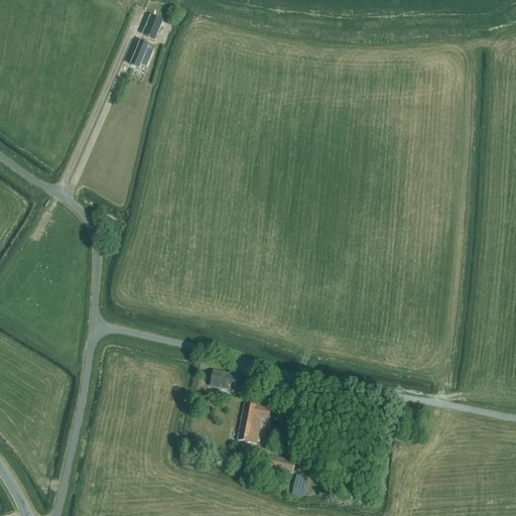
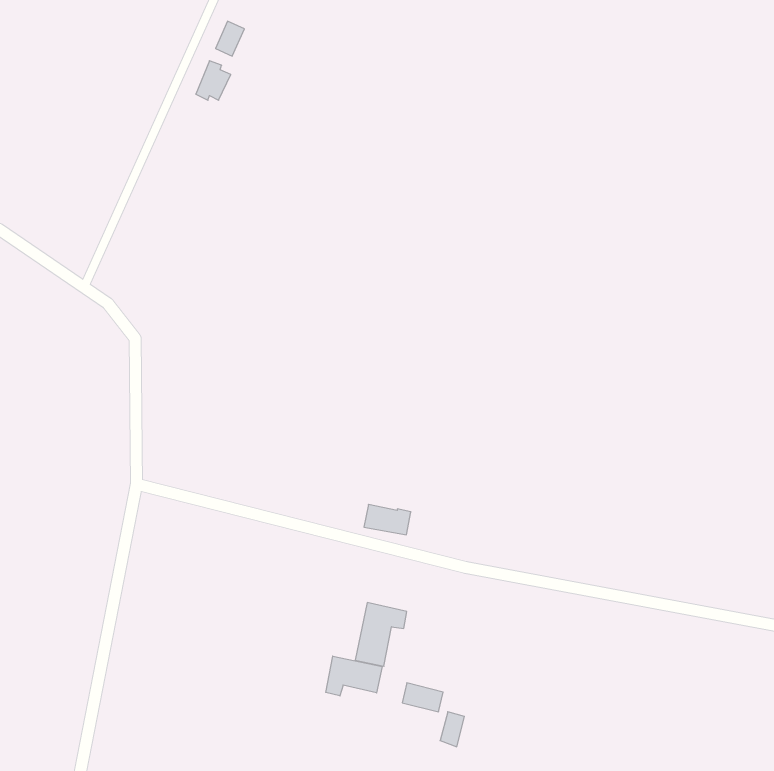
building: [210,369,241,389] -> [364,504,411,535]
building: none -> [326,656,382,696]

